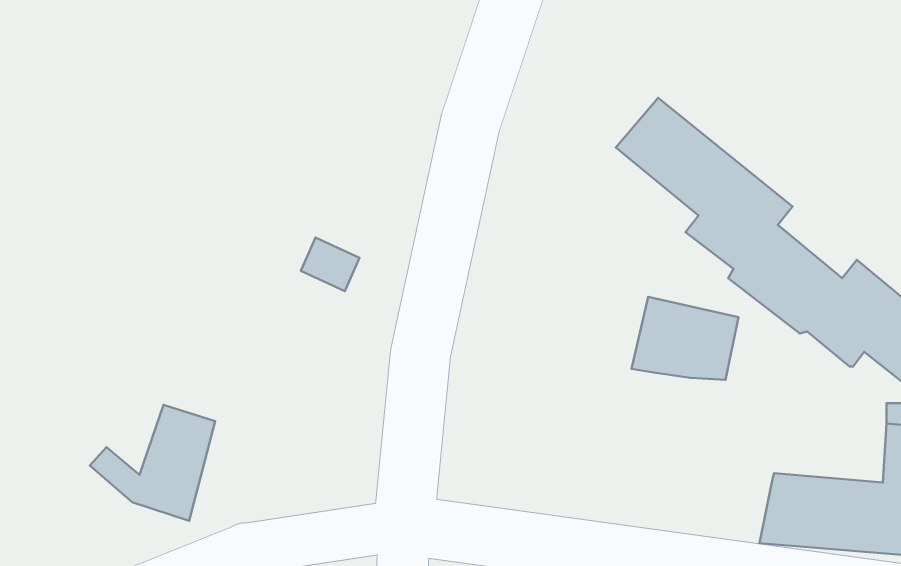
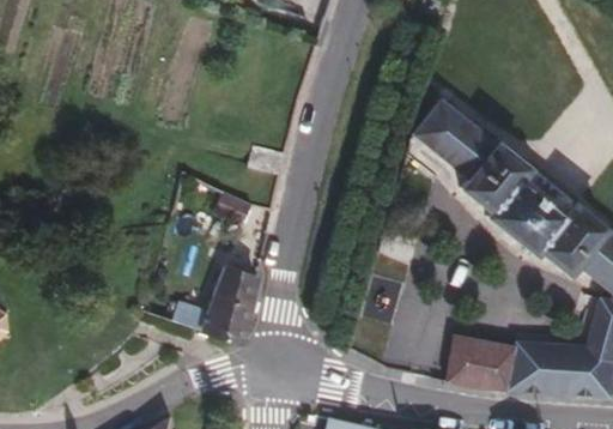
building: [632,297,738,380] -> [449,334,518,388]
building: [90,405,215,521] -> [178,267,260,343]

